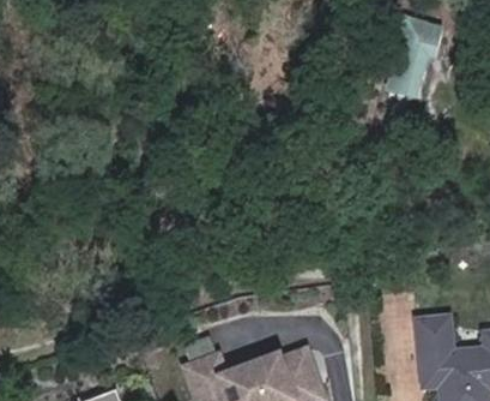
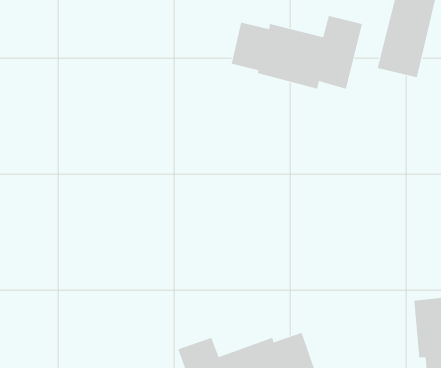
building: none -> [231,15,362,90]

